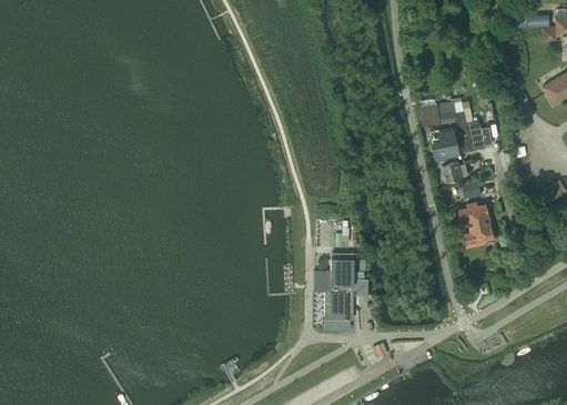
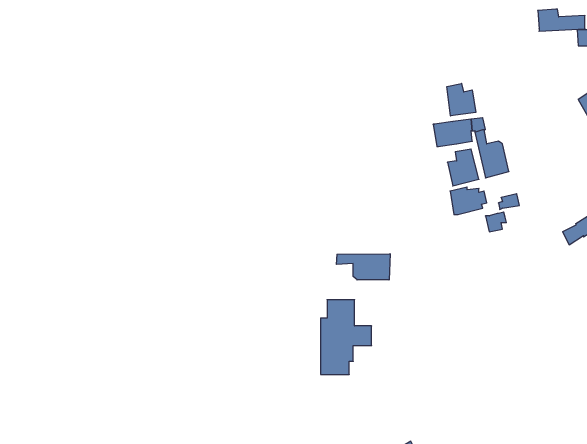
building: none -> [447,83,476,116]
building: [458,202,494,249] -> none
building: none -> [337,254,390,280]

